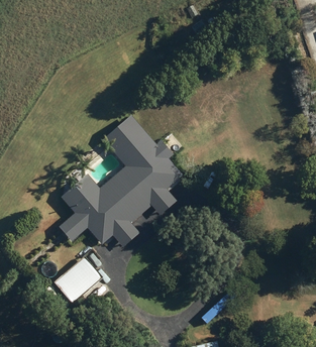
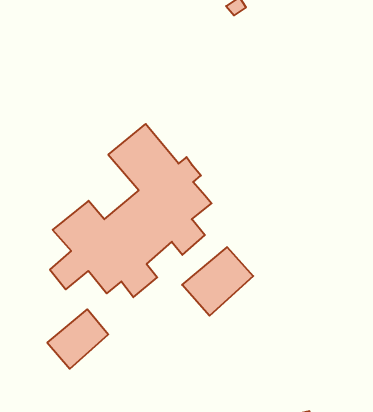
building: none -> [182,247,253,316]

